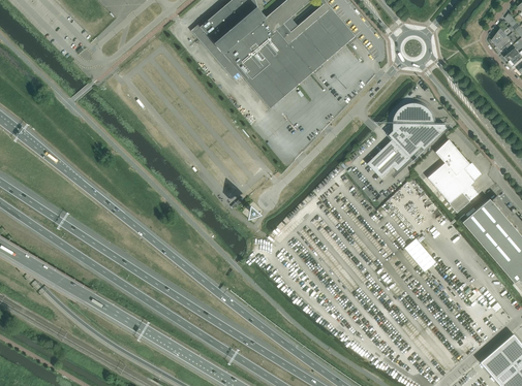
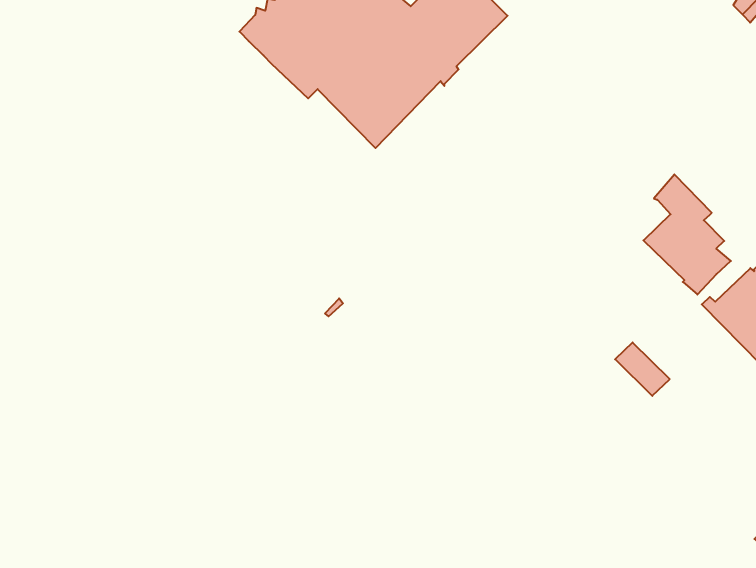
building: [367,102,447,178] -> none

